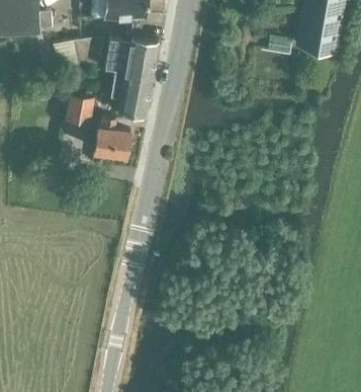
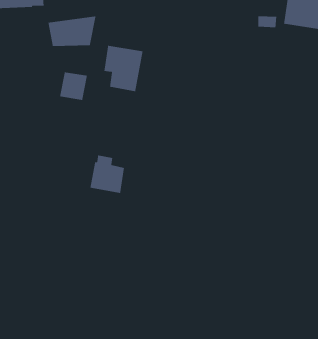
building: [104,37,158,74] -> none
building: [93,116,129,157] -> [90,155,125,194]

